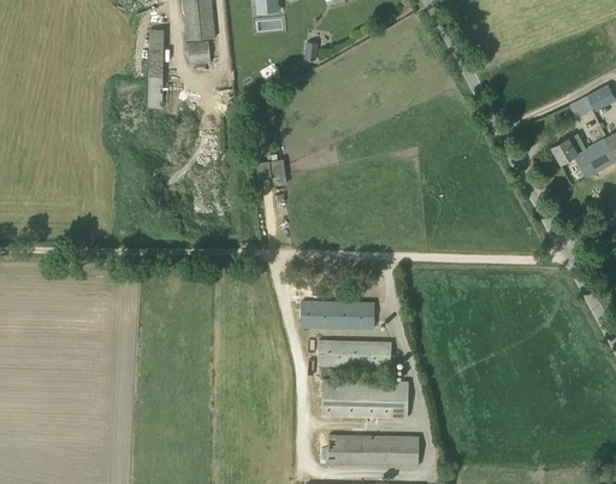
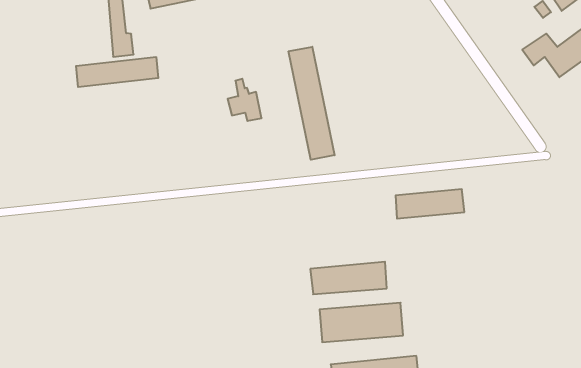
building: none -> [76,57,158,87]
building: none -> [289,47,335,160]
building: [300,301,367,325] -> [396,189,464,219]

